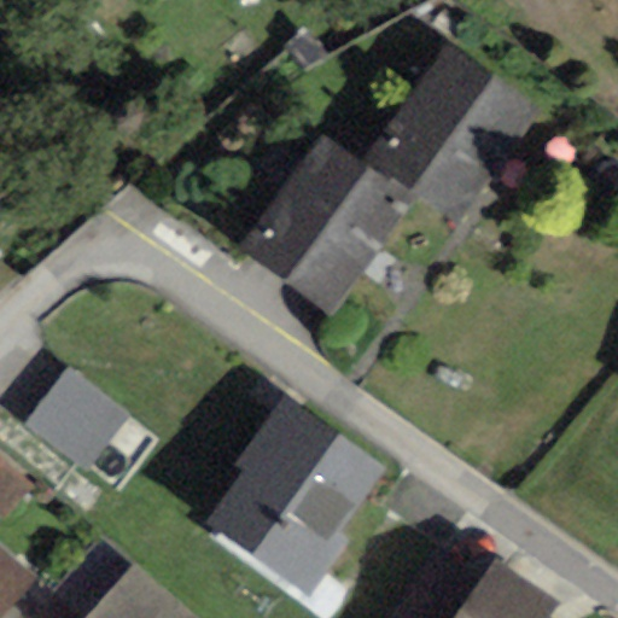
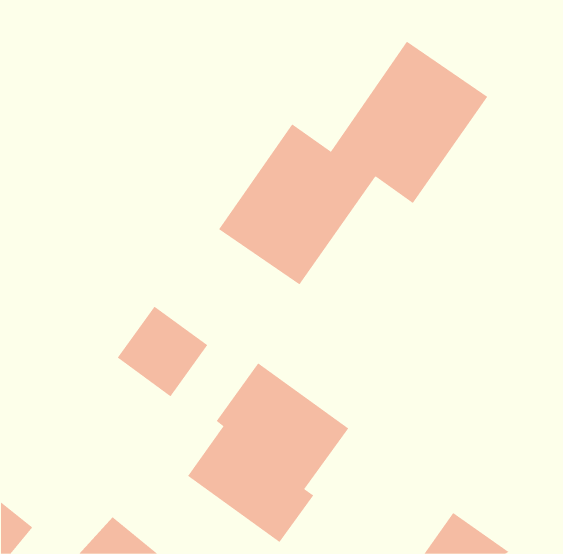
building: [29,363,129,464] -> [117,306,208,397]

